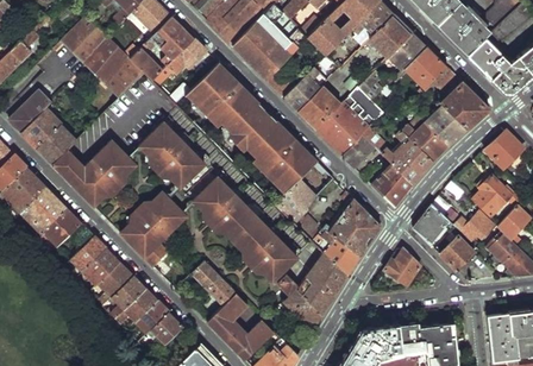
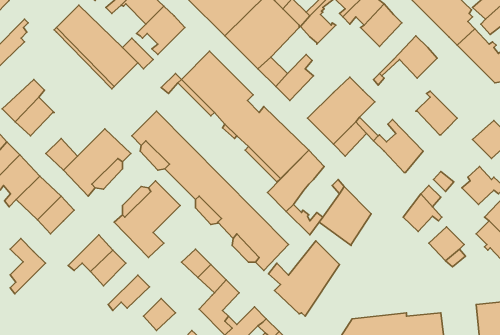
building: [389,32,426,69] -> none
building: [151,37,206,86] -> none
building: [427,68,489,128] -> none
building: [299,84,343,128] -> none
building: [402,121,450,162] -> none
building: [37,122,77,164] -> none
building: [372,162,414,207] -> none
building: [452,213,493,244] -> none
building: [70,221,106,277] -> [10,238,45,294]
building: [319,233,360,276] -> none
building: [383,250,420,286] -> none
building: [111,274,145,316] -> none
building: [133,298,169,340] -> none

